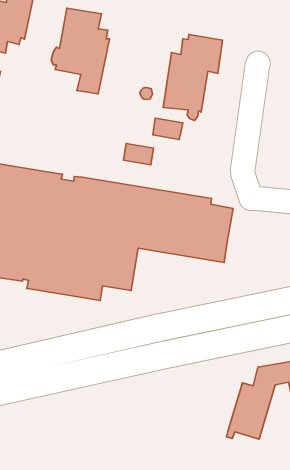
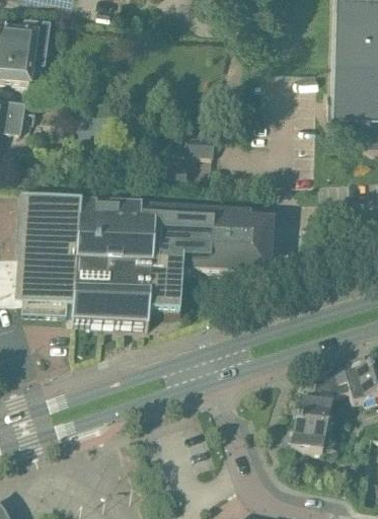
building: [51,8,110,94] -> none
building: [163,34,223,120] -> none

